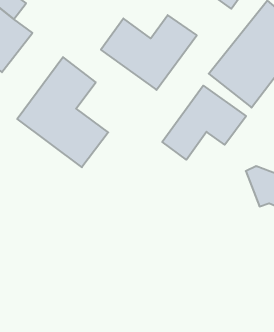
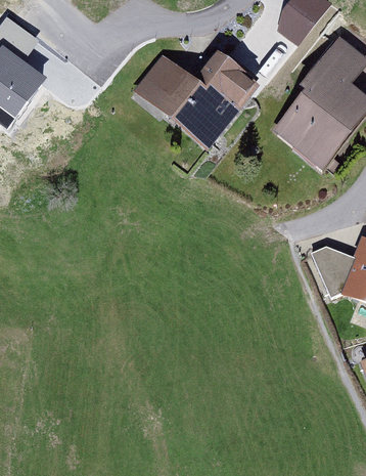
building: [17,57,108,167] -> none
building: [162,86,246,160] -> none

